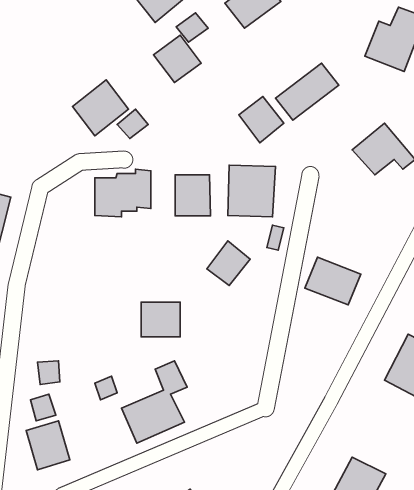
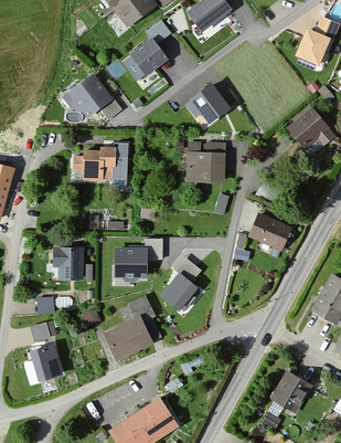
building: [276,63,339,120] -> none
building: [175,175,210,216] -> none
building: [207,241,250,286] -> [164,267,199,303]
building: none -> [52,247,83,278]

